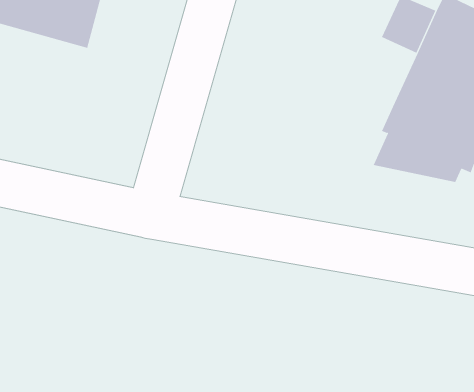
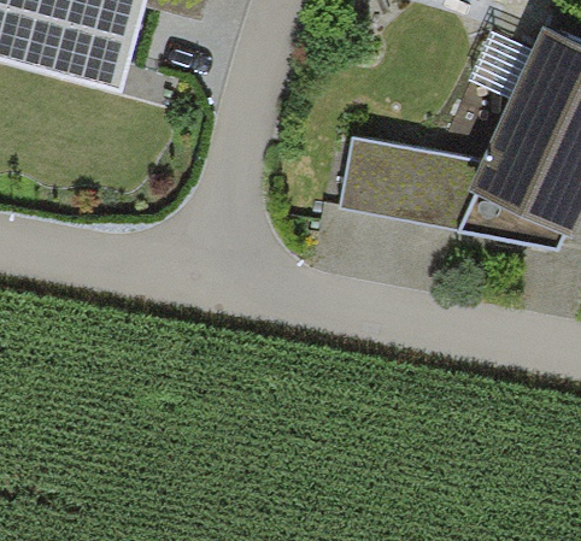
building: none -> [340,135,482,229]

